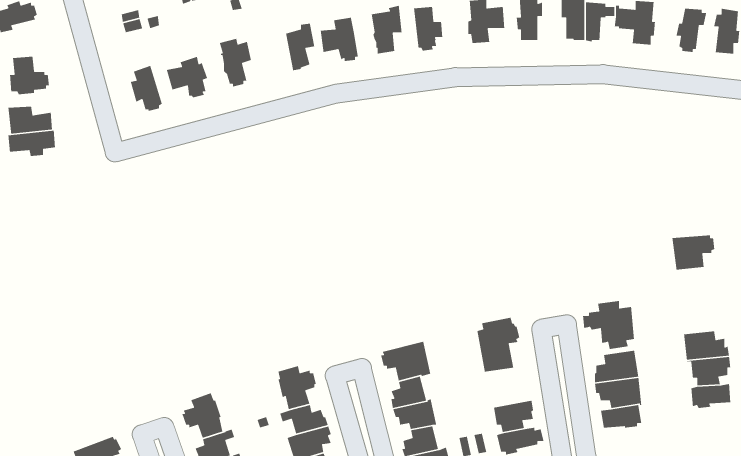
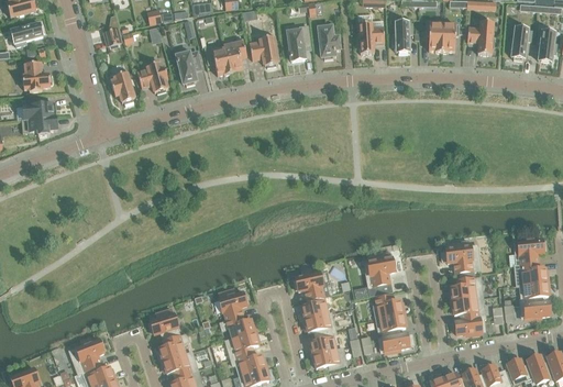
building: none -> [203,44,230,75]
building: [671,234,715,271] -> [514,237,545,264]
building: none -> [374,295,405,318]

